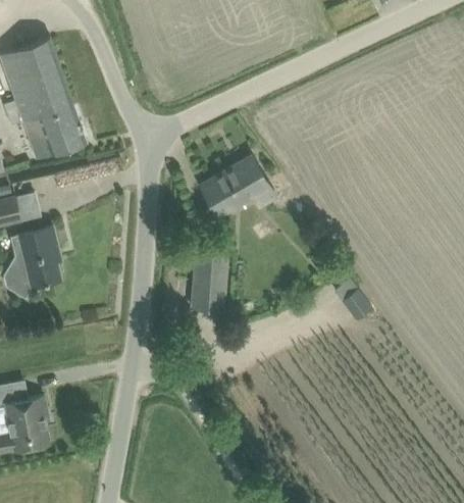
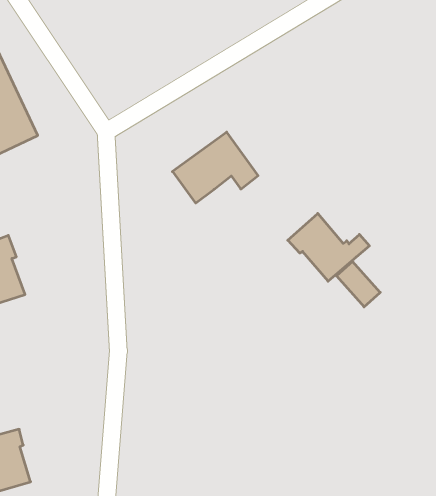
building: none -> [288,213,369,281]
building: [192,251,228,310] -> none

